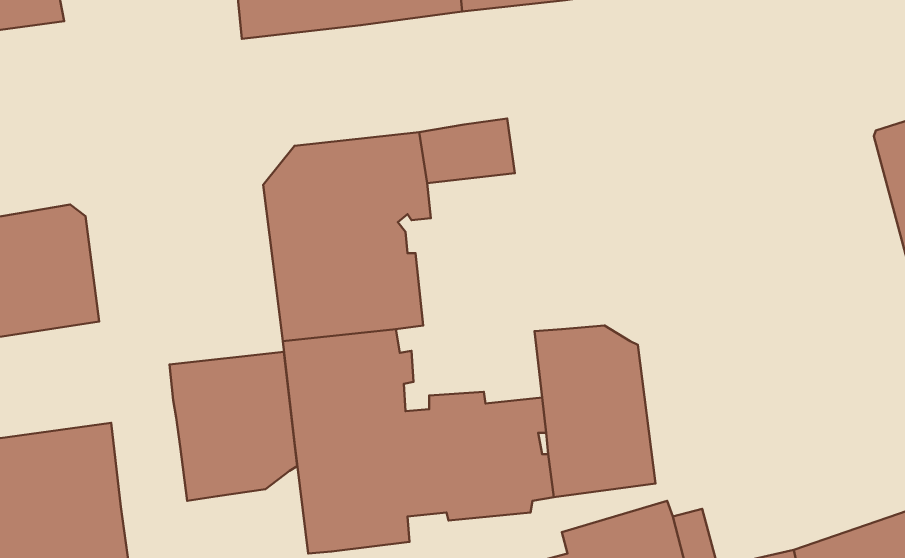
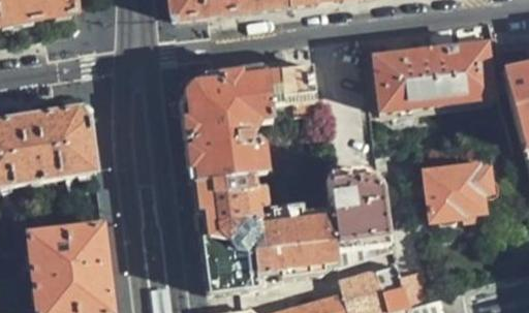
building: none -> [375,40,493,111]
building: none -> [426,164,488,217]
building: [169,352,297,501] -> none

